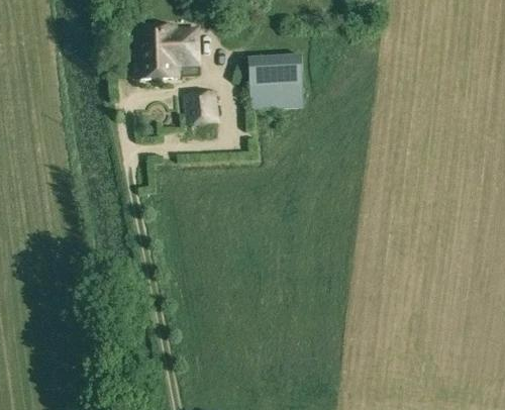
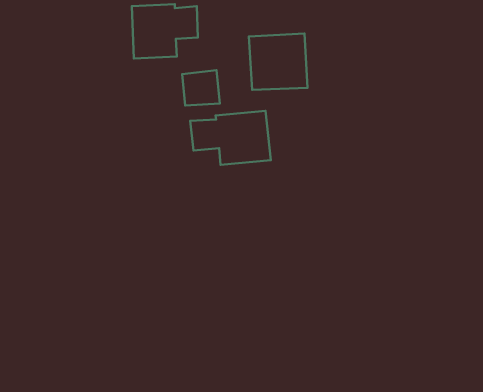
building: none -> [190,111,271,165]

